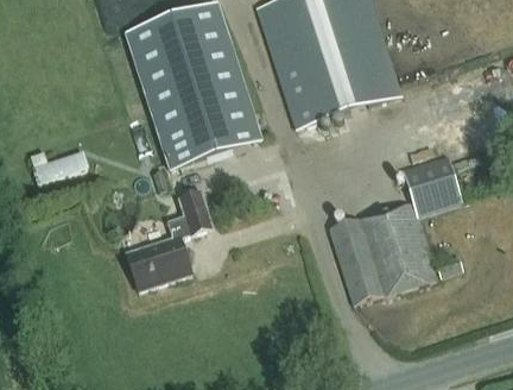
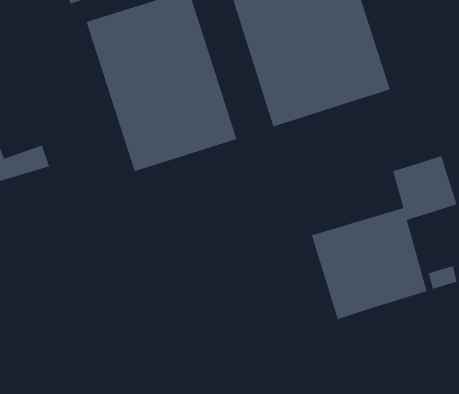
building: [126,188,211,288] -> none

